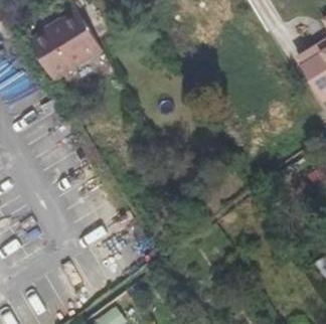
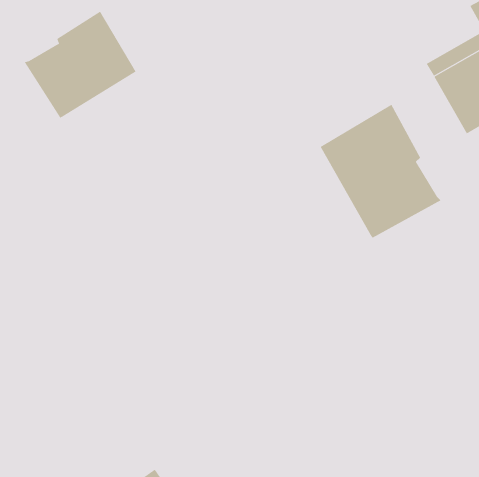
building: none -> [320,104,442,238]

